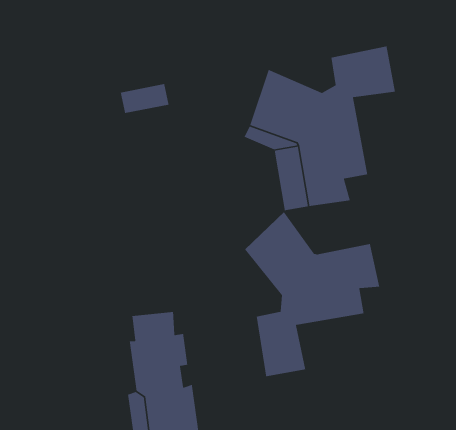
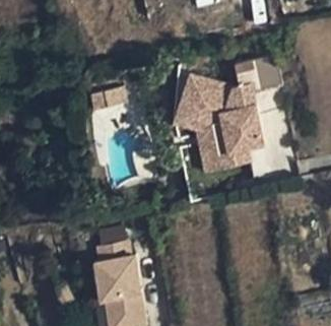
building: [244,211,380,377] -> none

